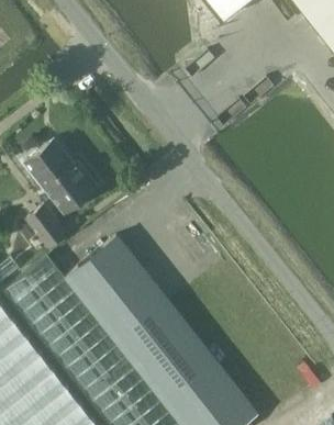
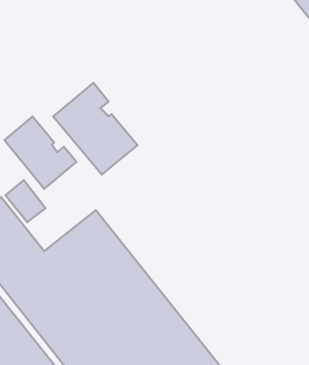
building: none -> [53,83,137,174]

